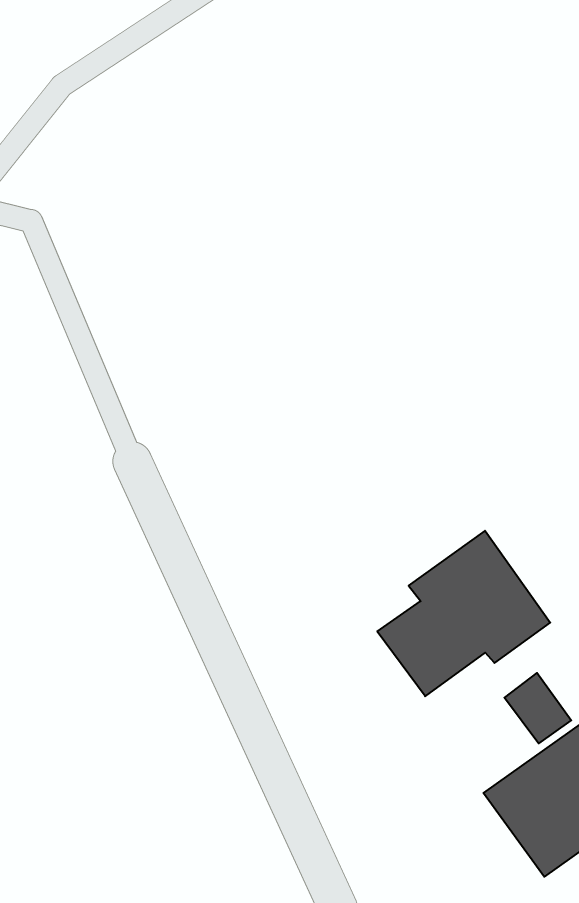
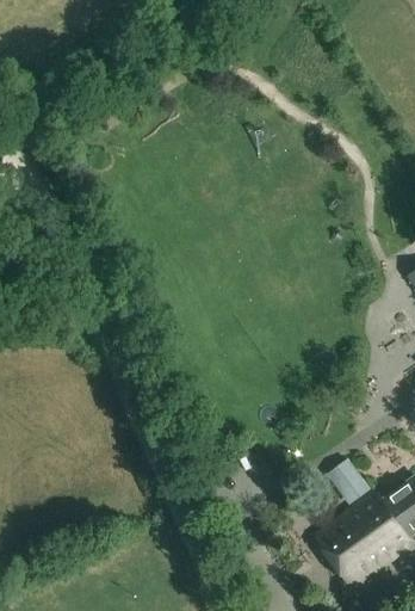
building: [377,531,550,696] -> none

